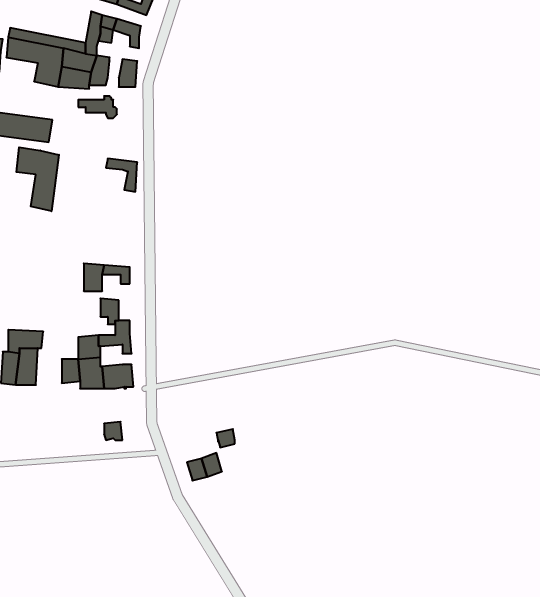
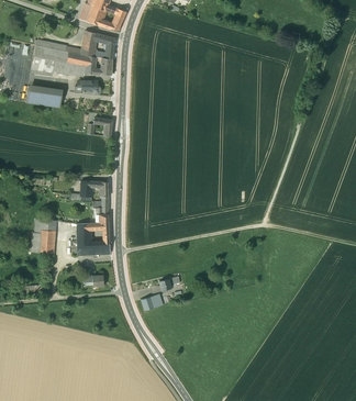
building: [16,147,59,211] -> none

